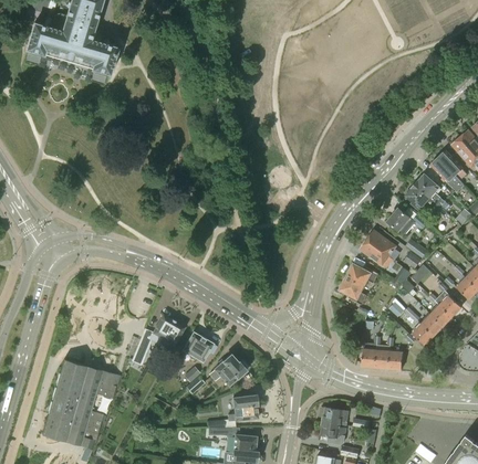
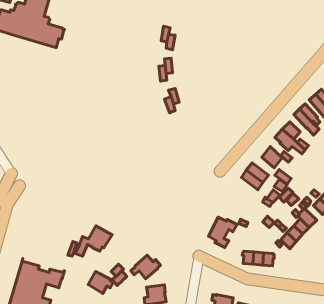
building: [340,264,378,305] -> [208,217,237,247]
building: [184,333,218,362] -> [88,271,114,294]

